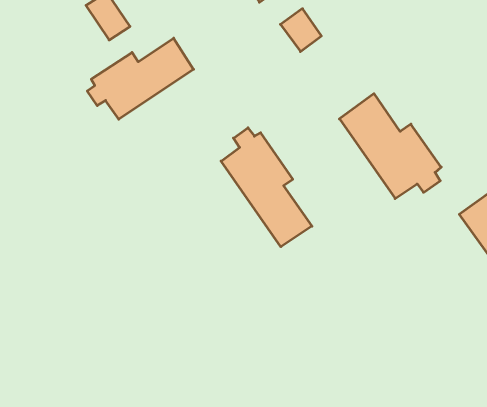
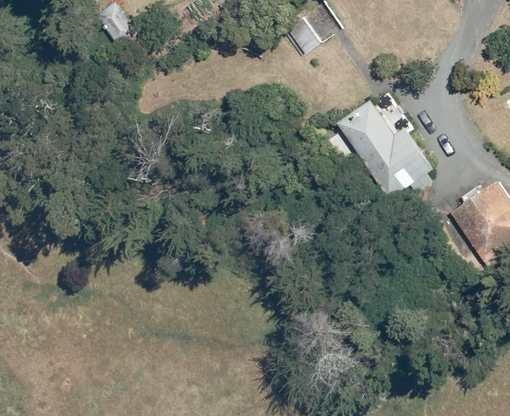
building: [87,38,194,119] -> none
building: [221,128,312,247] -> none

